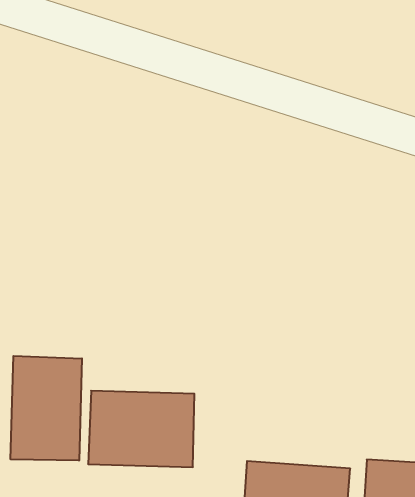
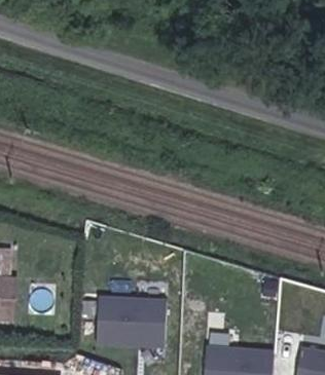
building: [11,356,82,461] -> none

